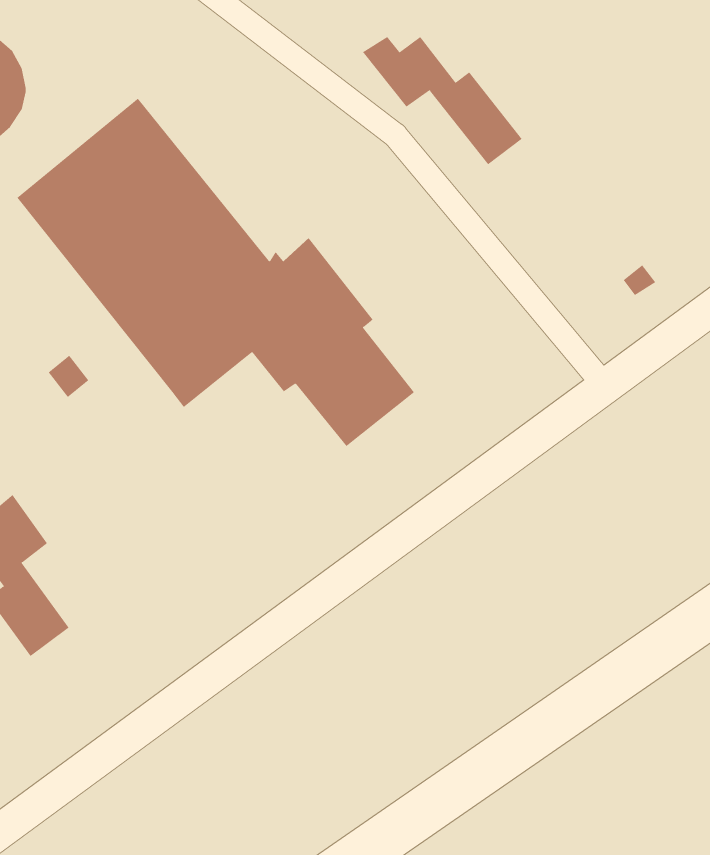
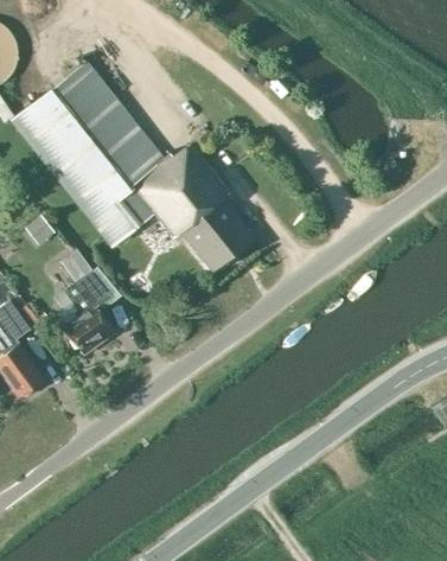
building: [362,36,522,165] -> none
building: none -> [60,251,121,353]

